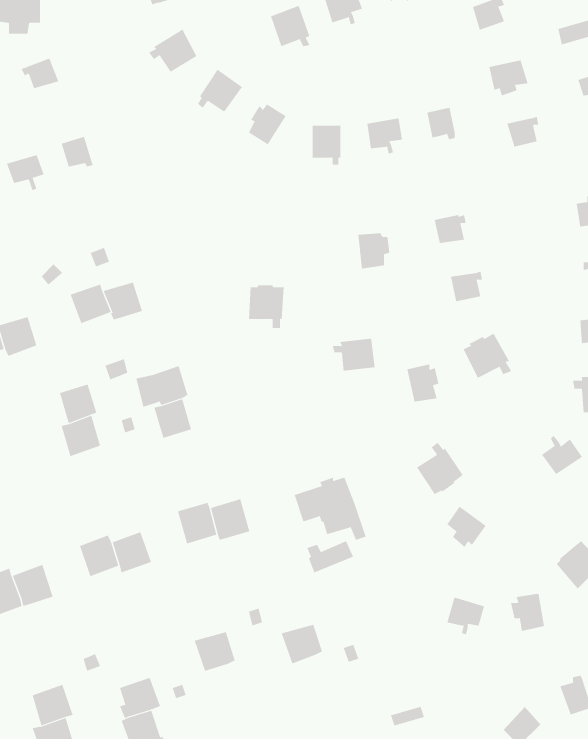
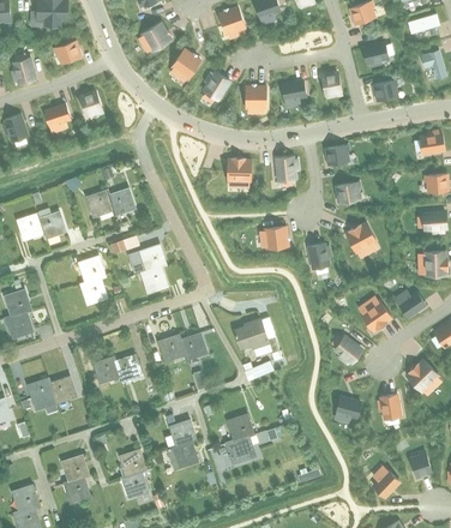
building: [248,285,284,329] -> [227,157,251,186]
building: [416,442,463,495] -> [360,295,391,330]
building: none -> [224,434,255,463]
building: none -> [167,440,198,468]

